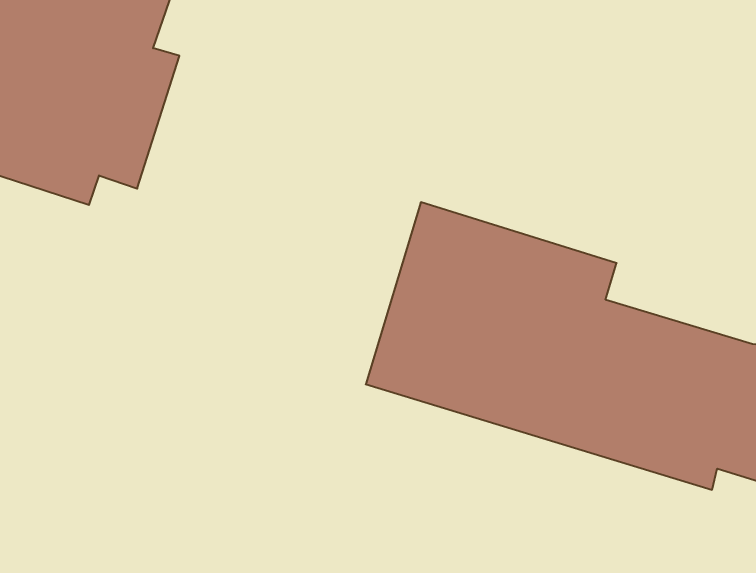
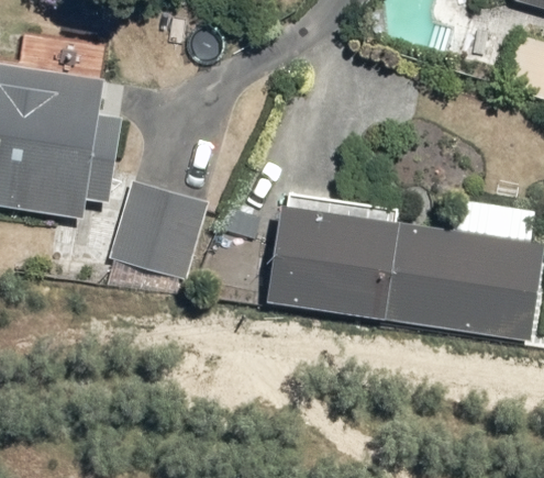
building: none -> [103,153,203,277]

